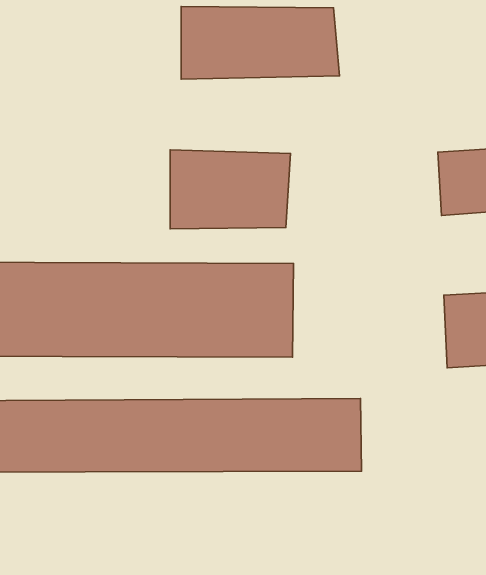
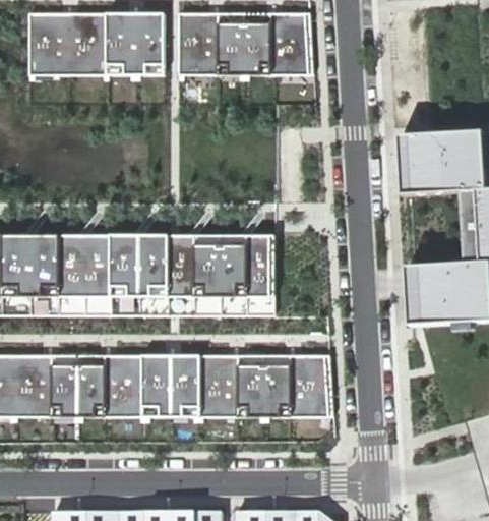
building: none -> [26,11,163,75]
building: [170,150,290,229] -> none

